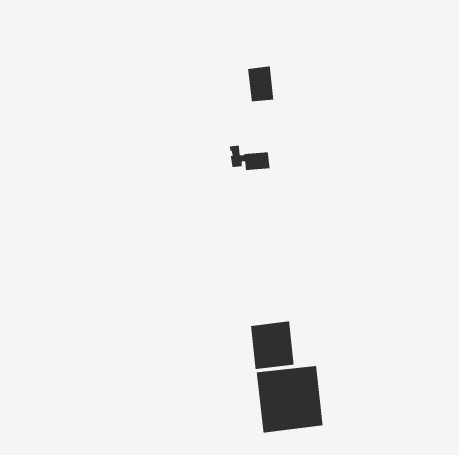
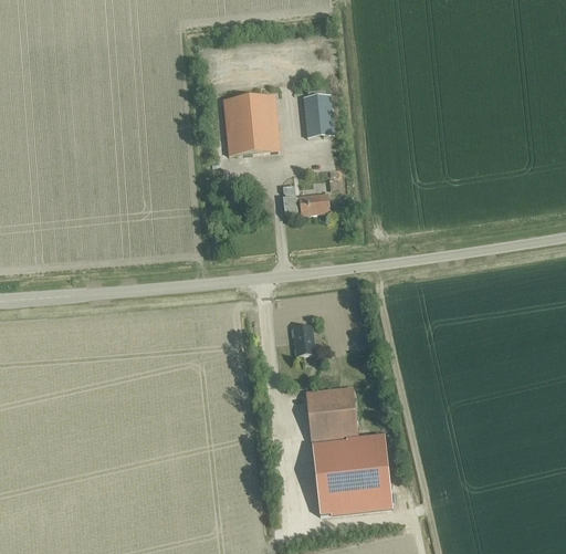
building: none -> [223,95,280,155]
building: none -> [292,324,315,355]

